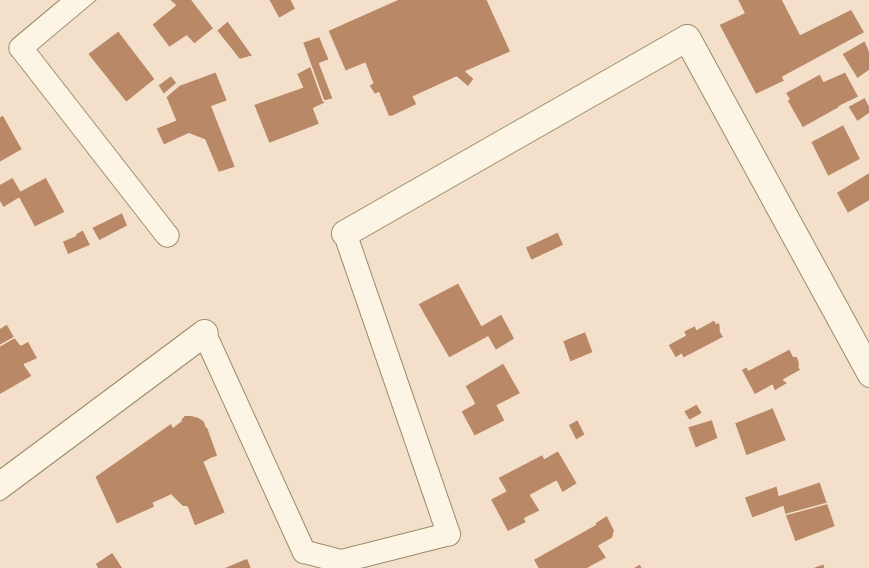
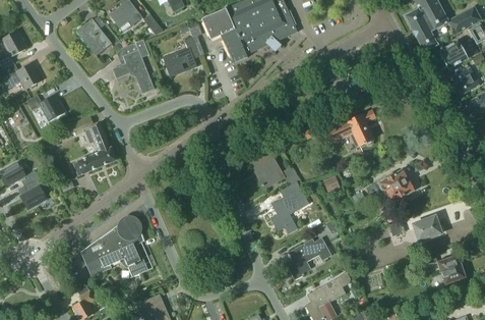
building: none -> [325,111,373,146]
building: none -> [72,123,116,175]
building: [741,348,801,395] -> [381,178,413,203]

